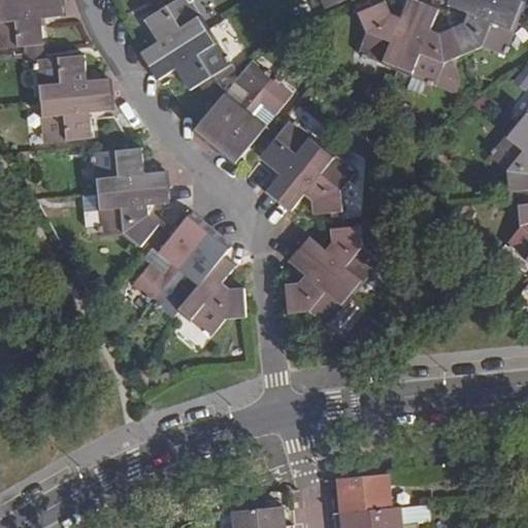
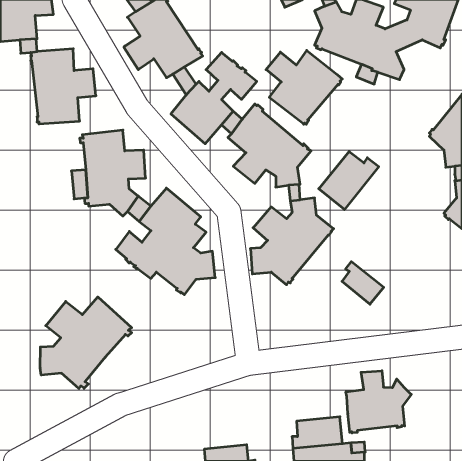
building: none -> [266,50,342,124]
building: none -> [319,152,379,210]
building: none -> [342,262,384,304]
building: none -> [40,297,132,388]
building: none -> [346,371,411,433]

